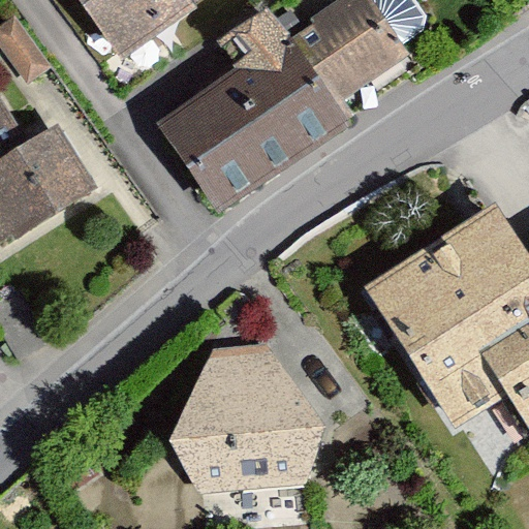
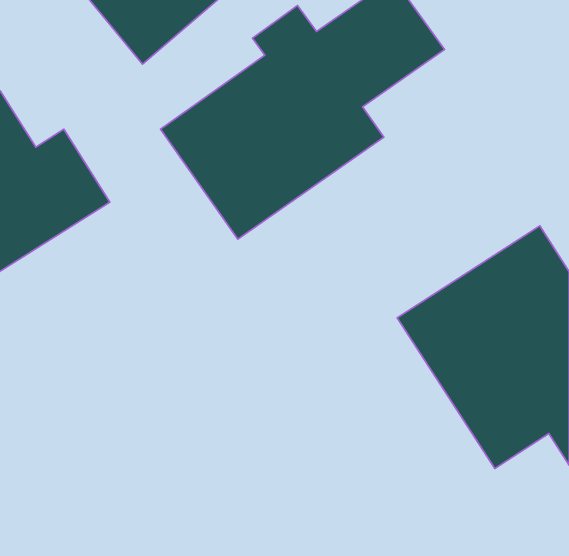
building: [178,343,324,490] -> none

